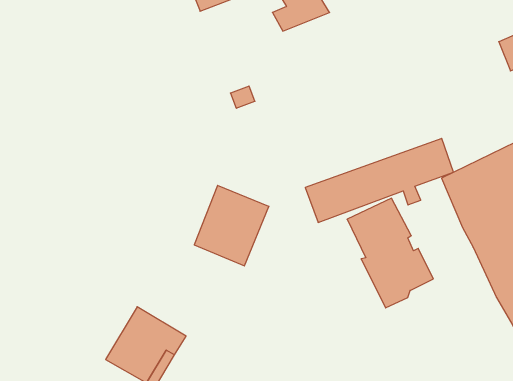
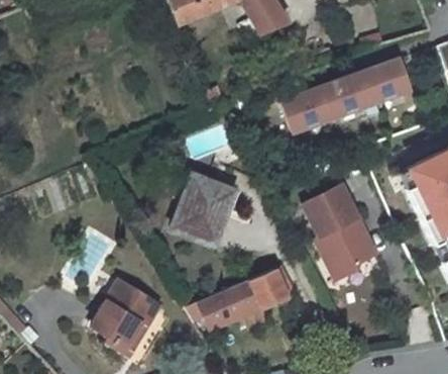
building: [305,138,453,222] -> [279,60,408,132]
building: none -> [199,265,298,328]

